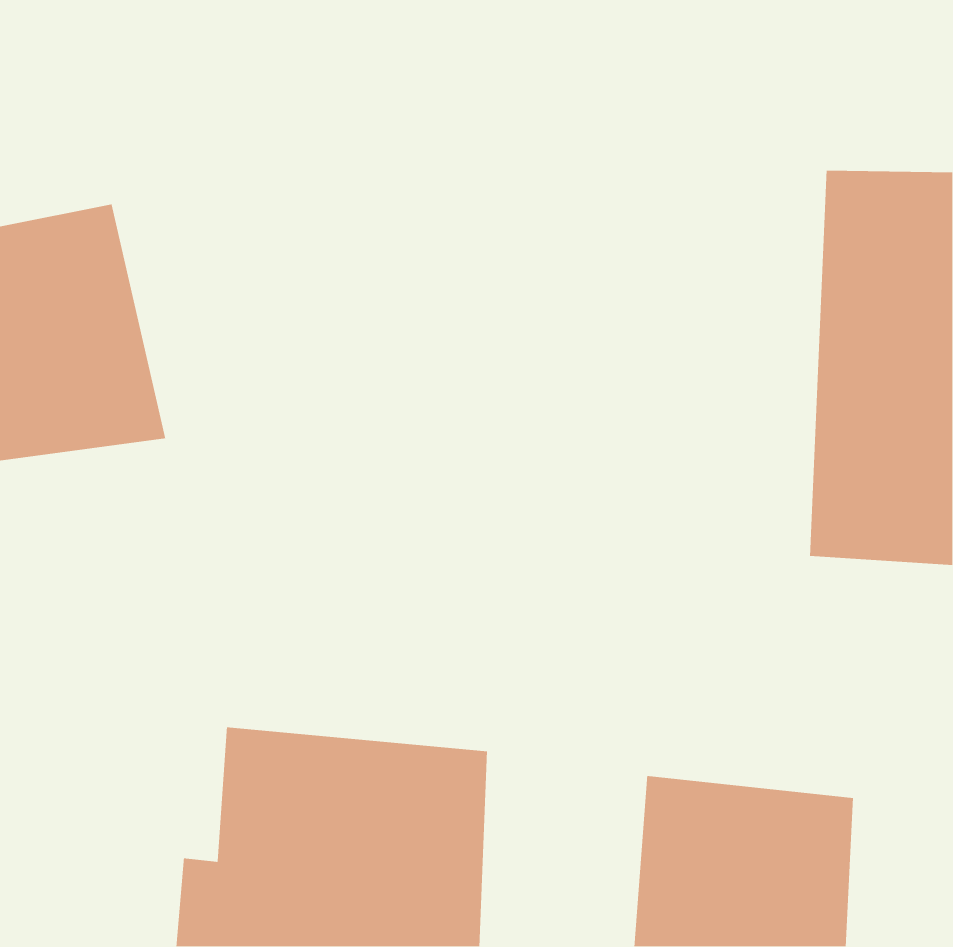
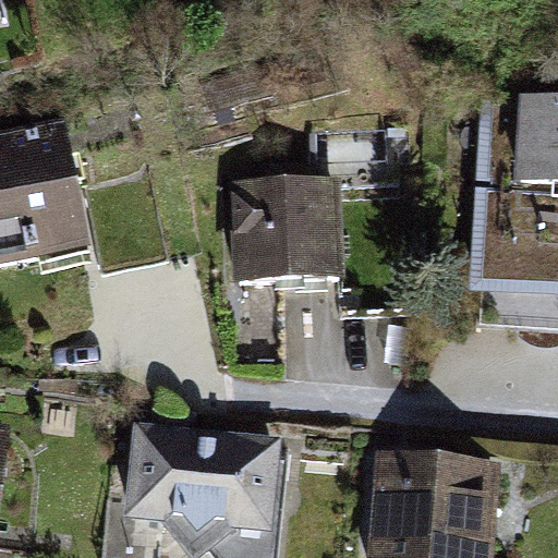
building: none -> [228,178,350,288]

